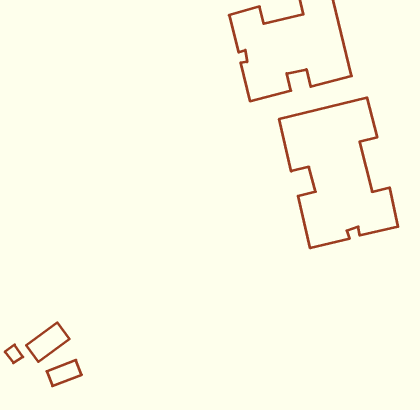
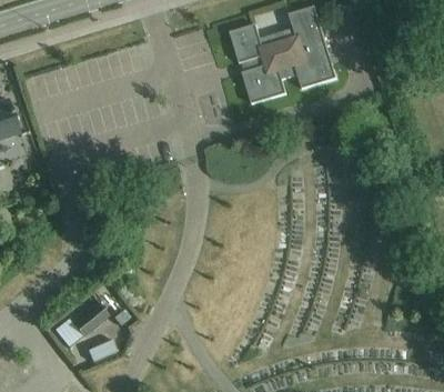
building: [279,98,398,248] -> none

